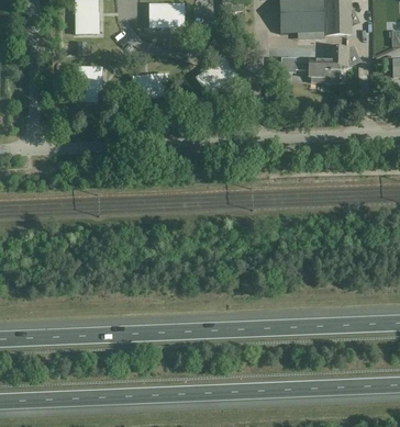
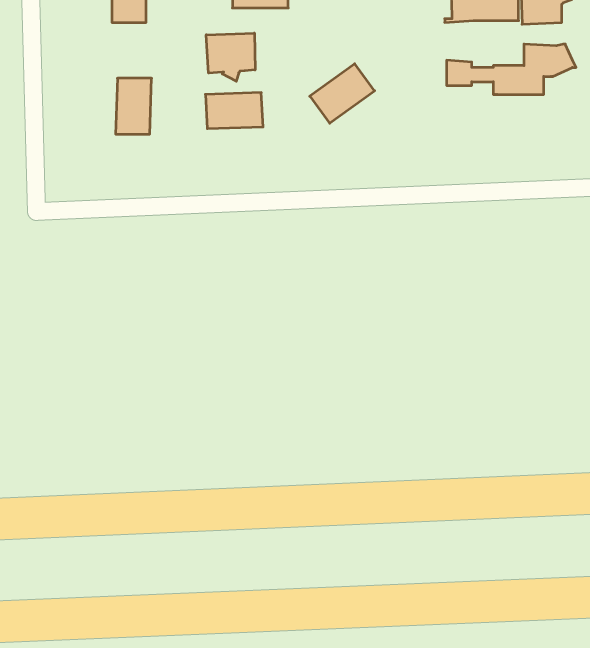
building: none -> [206,33,255,81]

